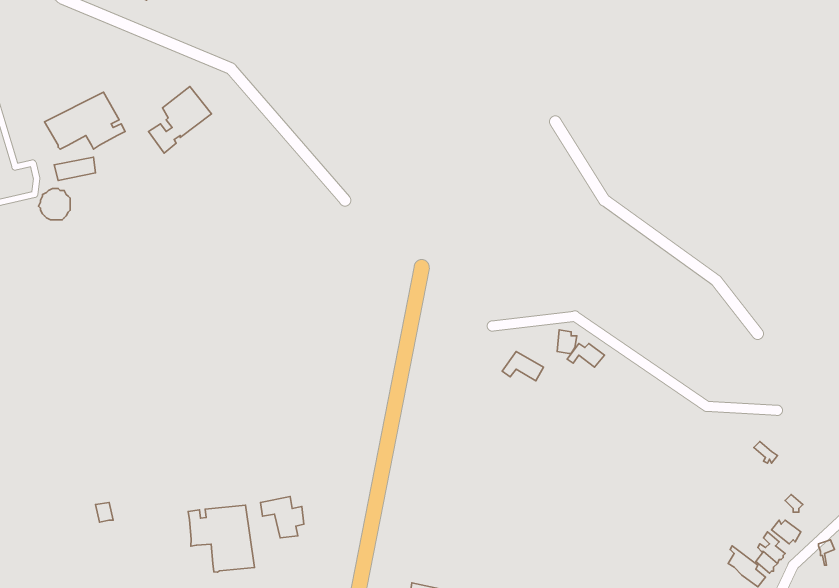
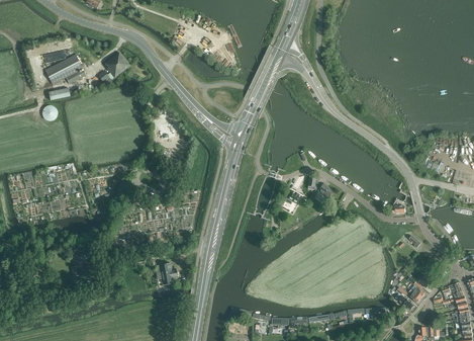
building: [188,505,254,572] -> none

